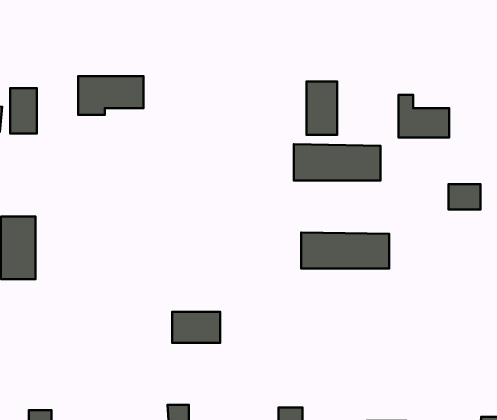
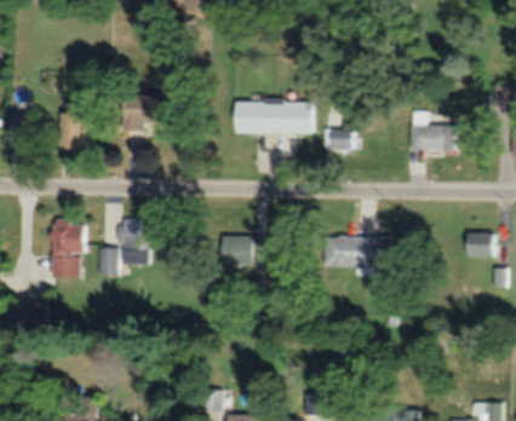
building: [294,144,380,180] -> [234,102,313,134]
building: [448,184,481,210] -> [464,235,493,258]
building: none -> [98,223,149,277]
building: [172,312,220,343] -> [220,237,264,265]

